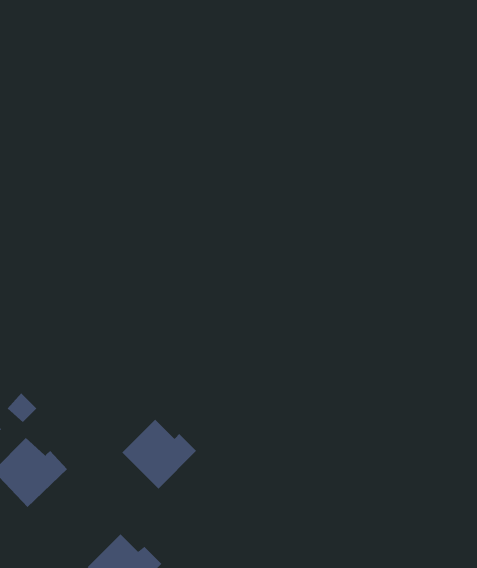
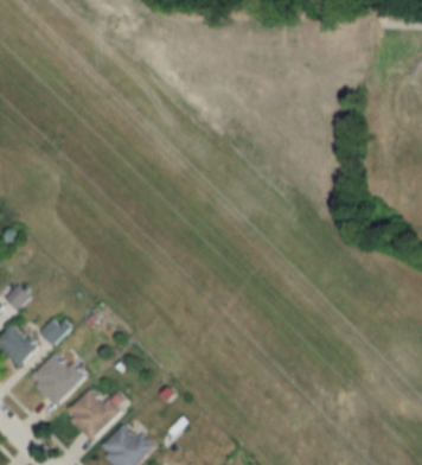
building: [122,419,197,489] -> [65,388,121,440]

